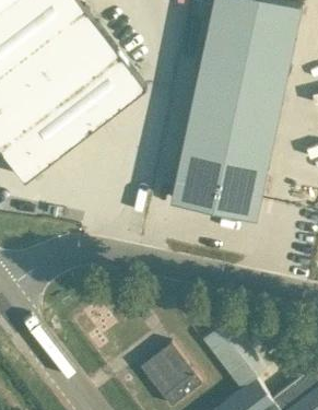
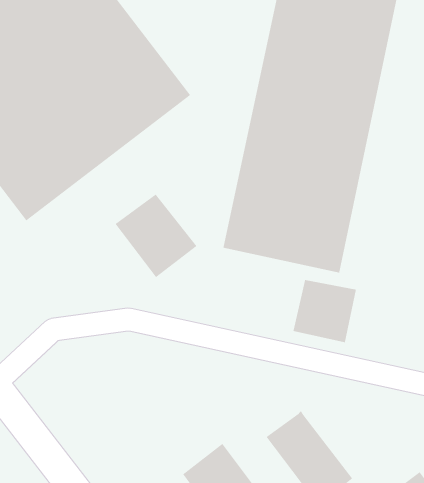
building: none -> [115,193,197,278]
building: none -> [293,279,357,343]

